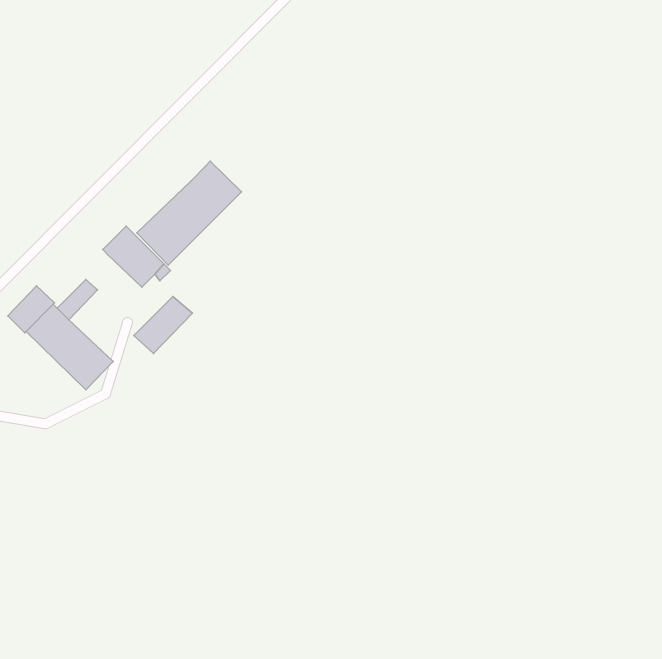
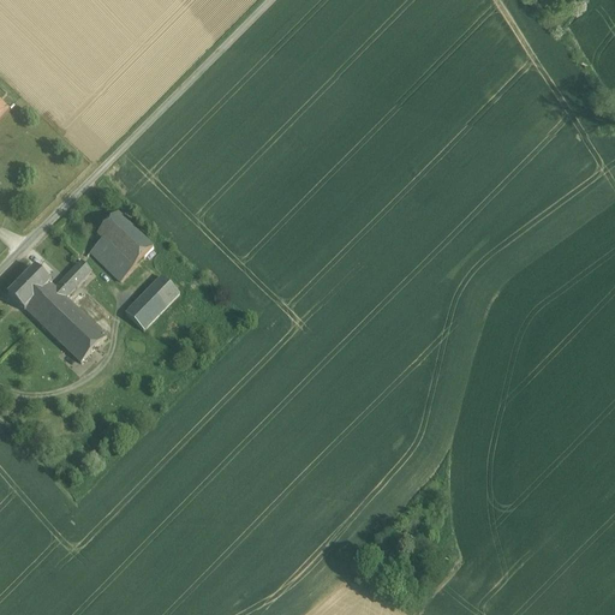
building: [137,161,242,265] -> none
building: none -> [89,235,131,279]

